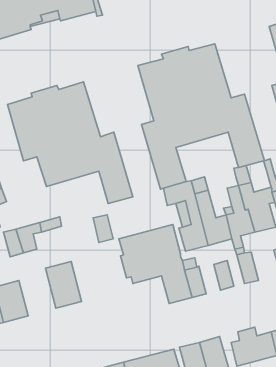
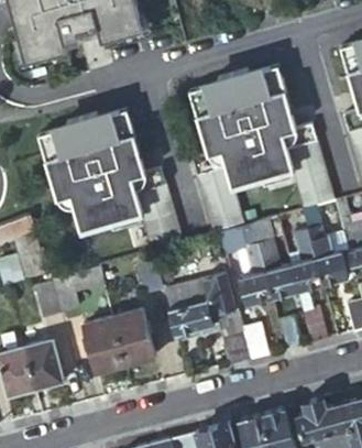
building: none -> [112,312,154,365]

